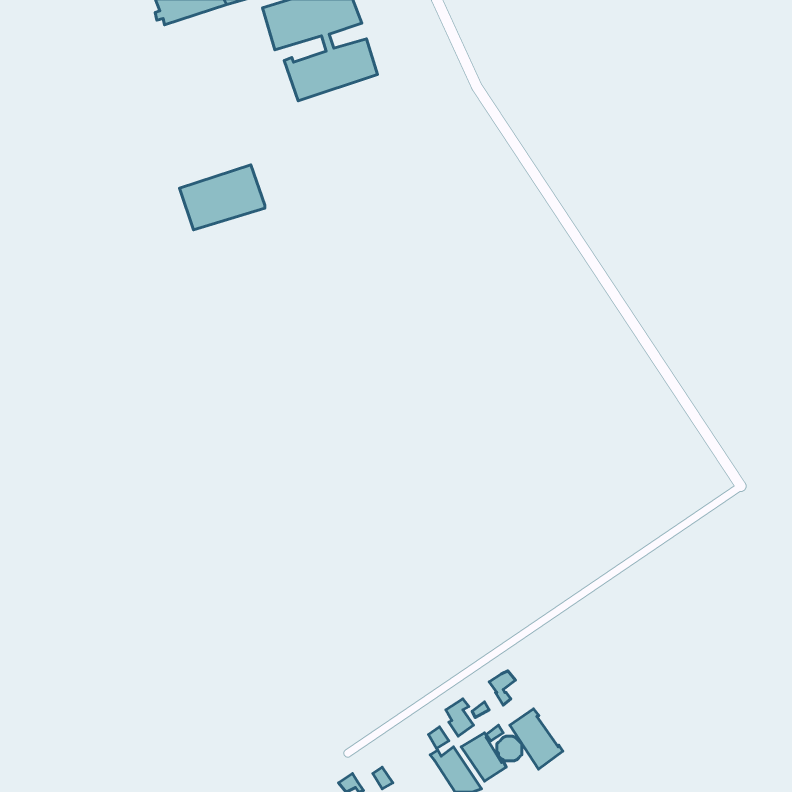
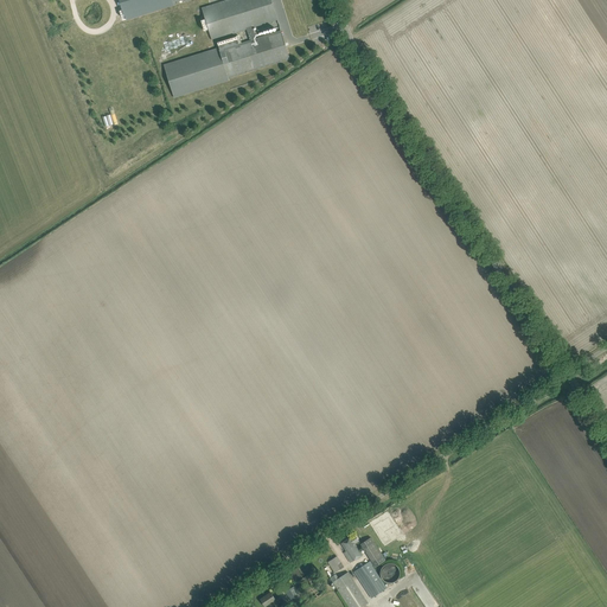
building: [179,165,265,230] -> [162,46,228,96]
building: [510,709,563,769] -> none

